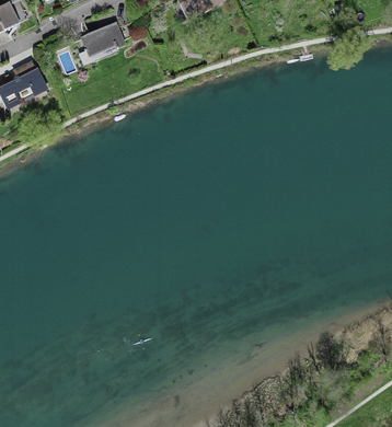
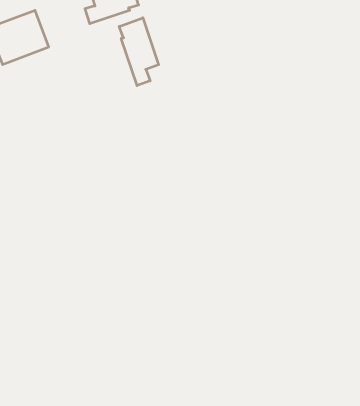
building: none -> [119,18,159,86]

